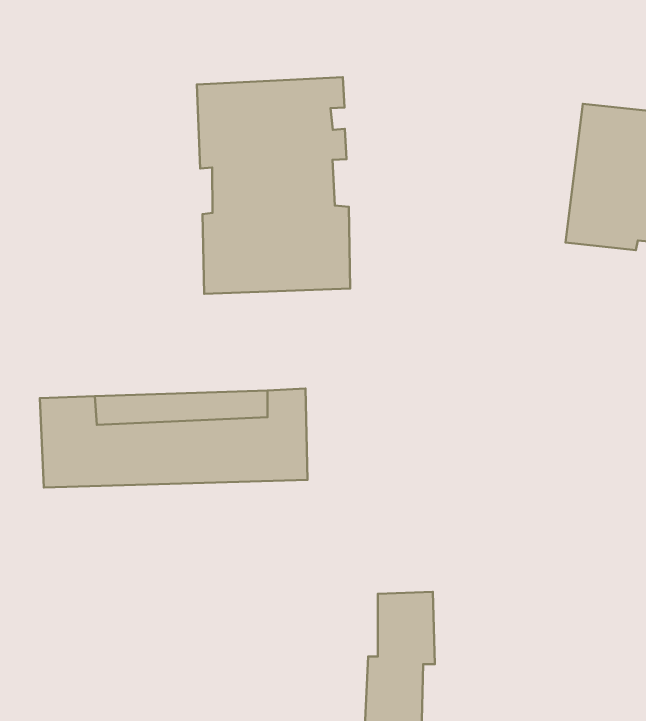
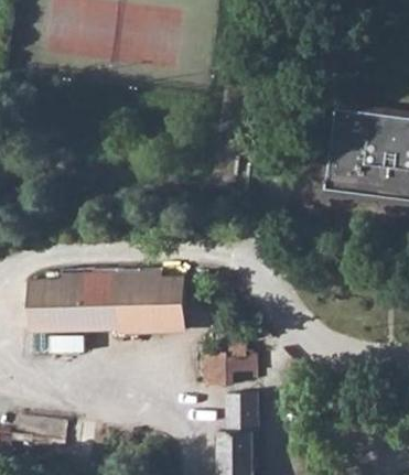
building: [197,77,350,294] -> none
building: none -> [202,339,255,385]

